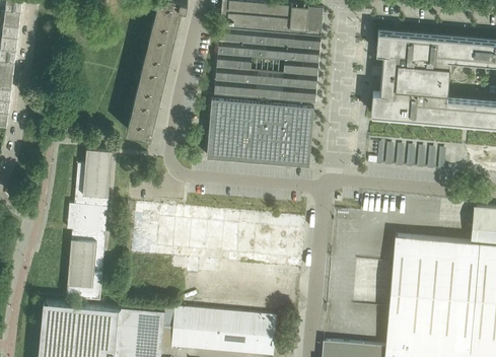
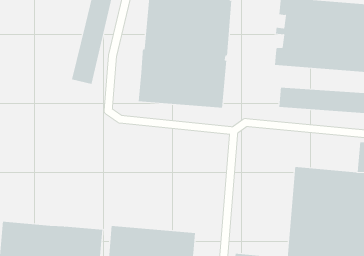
building: [67,149,113,297] -> none
building: [132,201,307,275] -> none

